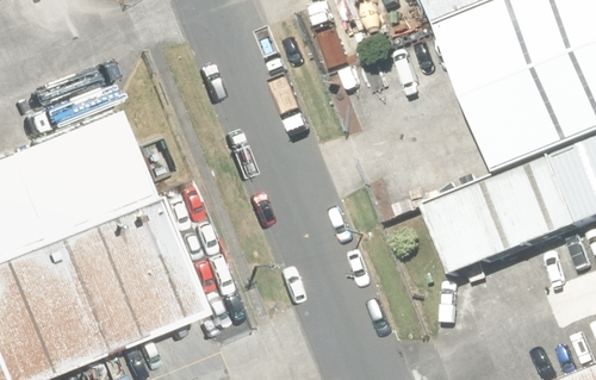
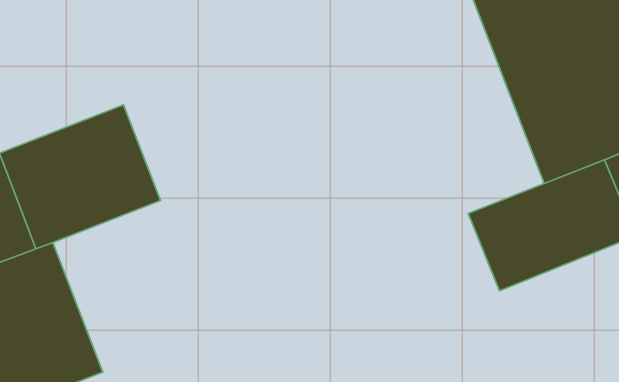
building: [52,194,197,350] -> none

